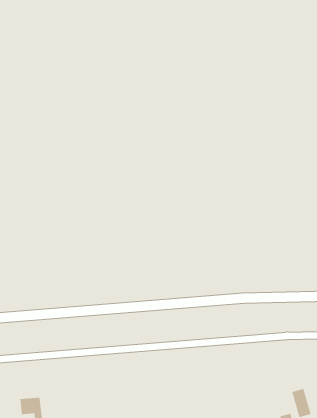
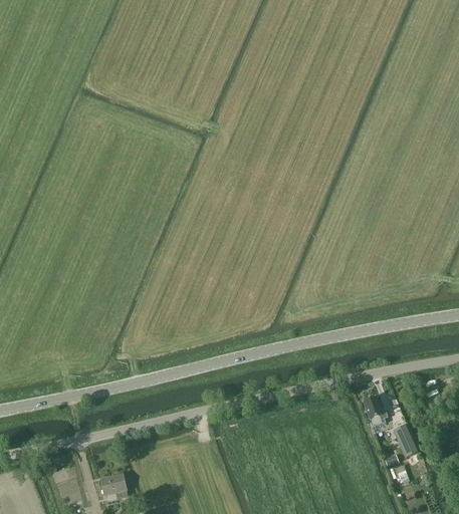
building: none -> [363,395,389,427]

